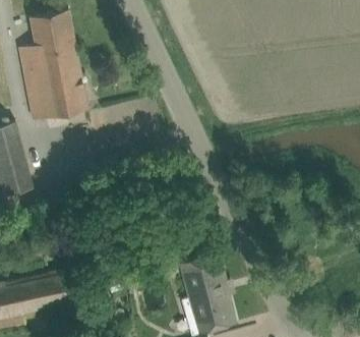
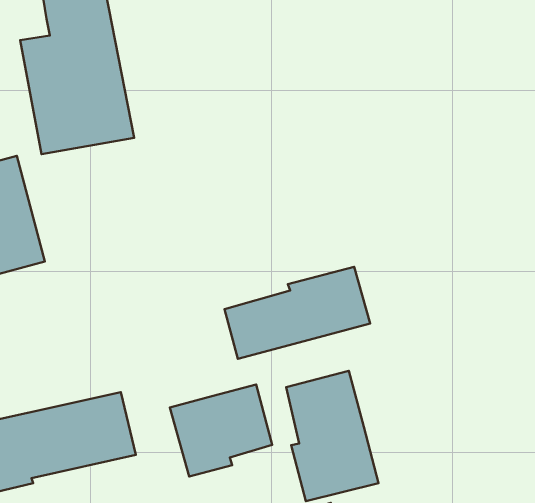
building: none -> [225,267,370,359]
building: none -> [170,385,272,477]

